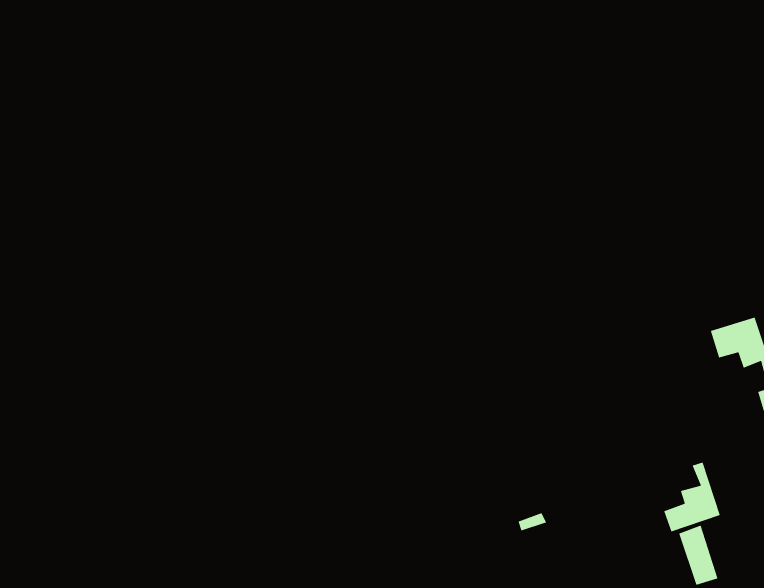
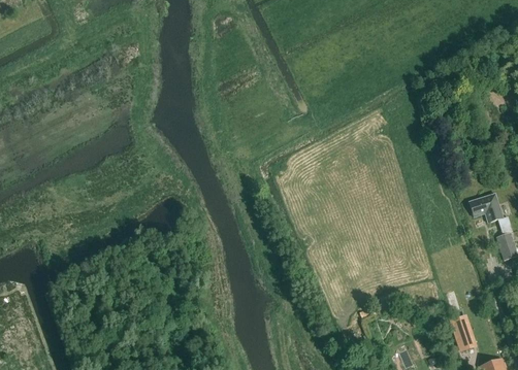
building: [663,461,721,533] -> none

